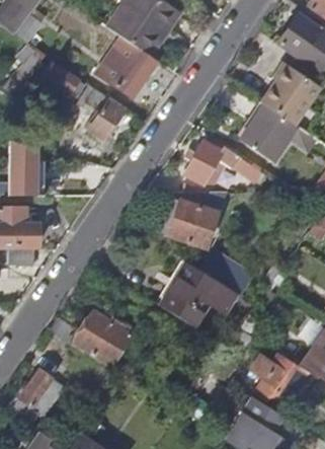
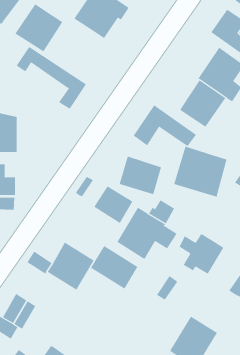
building: [97,36,158,97] -> [15,4,63,52]
building: none -> [174,146,227,198]
building: none -> [94,185,133,224]
building: none -> [90,245,138,290]
building: [252,353,309,404] -> [179,233,224,275]

